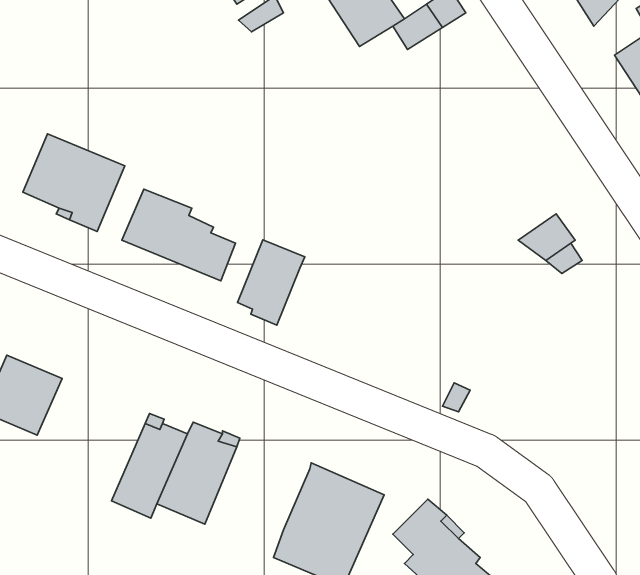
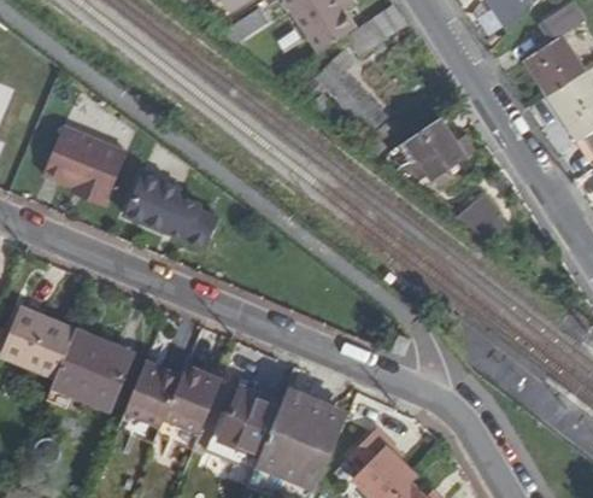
building: none -> [316,60,382,130]
building: none -> [405,118,460,176]
building: [237,240,305,325] -> none
building: none -> [49,323,129,404]
building: none -> [212,385,276,452]

